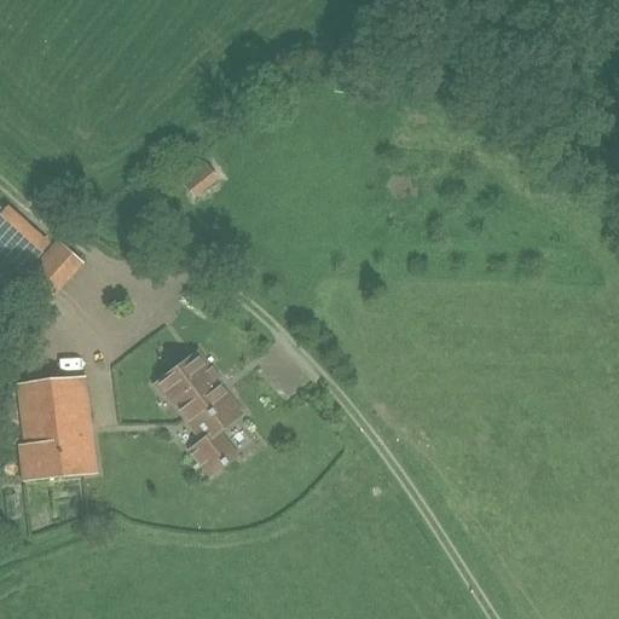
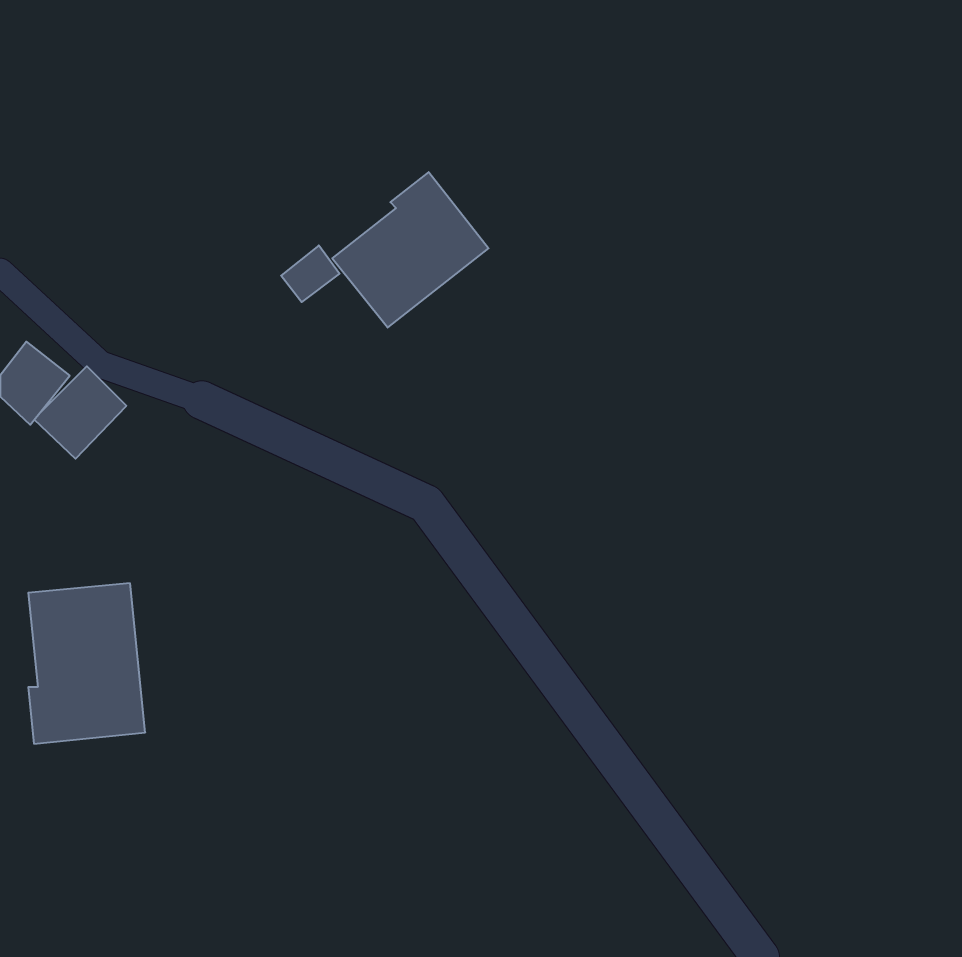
building: none -> [332,172,489,328]
building: [156,352,241,475] -> none

